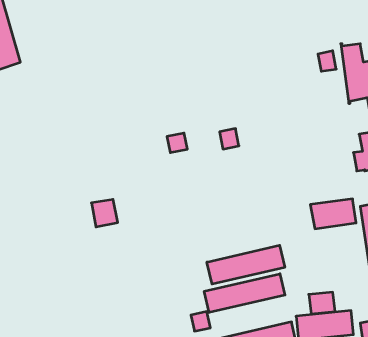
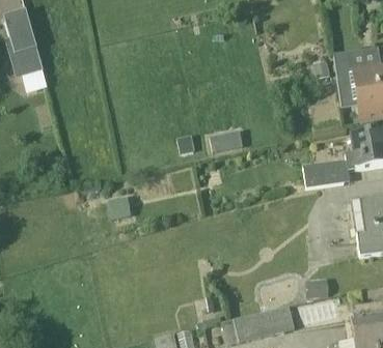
building: [310,199,356,229] -> [303,160,345,186]
building: [207,245,285,284] -> none
building: [204,274,285,312] -> none

